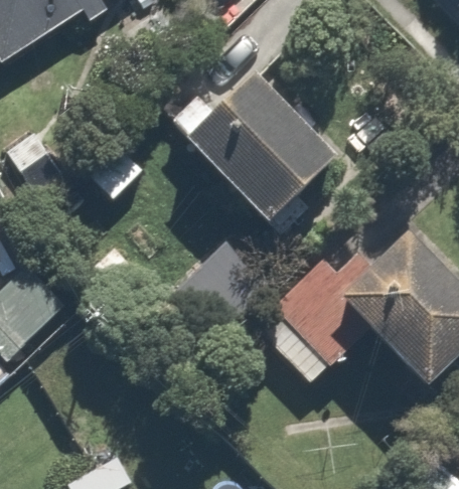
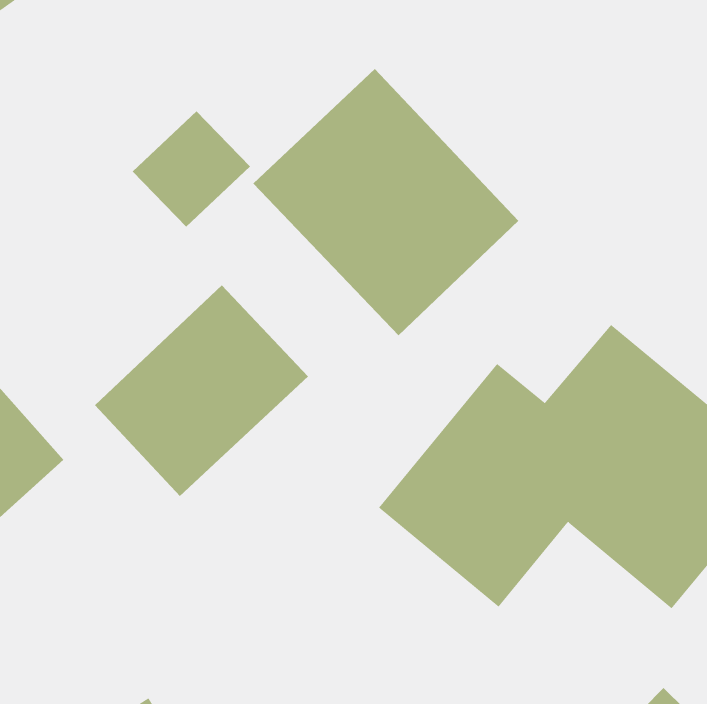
building: none -> [94,285,309,497]

